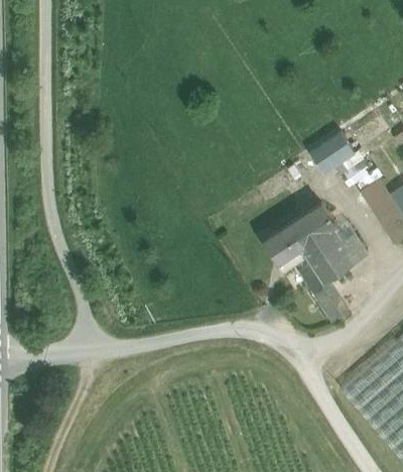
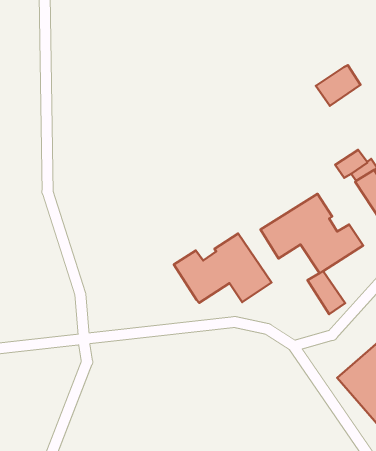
building: [310,132,356,173] -> [316,65,361,106]
building: none -> [174,233,271,303]

